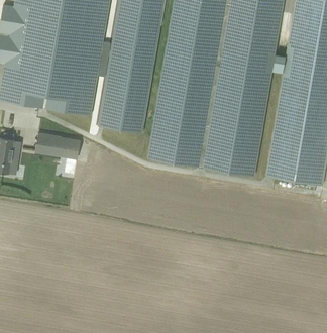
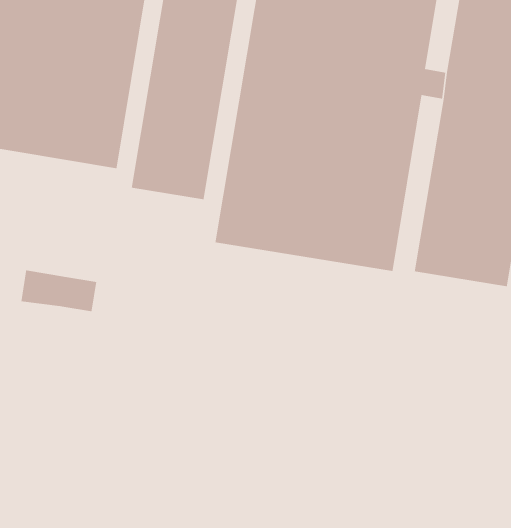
building: [34,134,80,159] -> [21,269,97,312]

